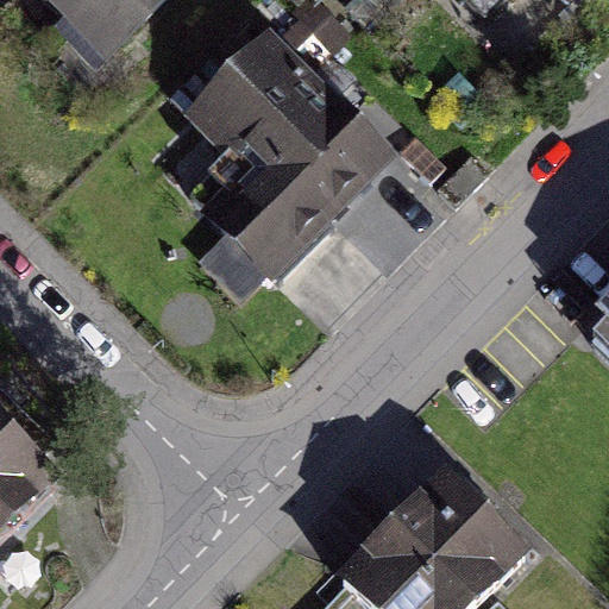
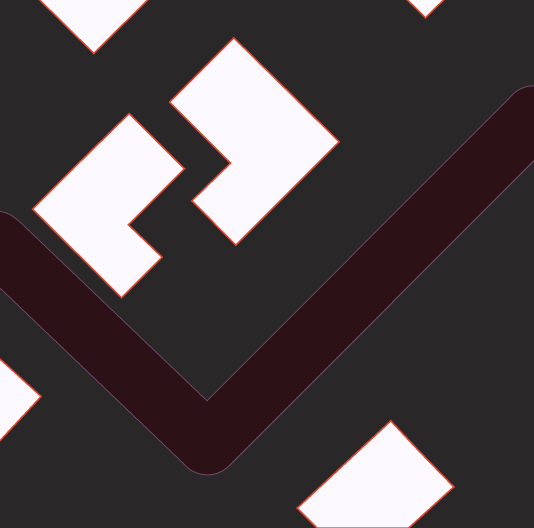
building: none -> [33,114,185,298]

